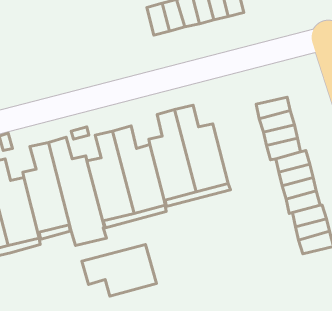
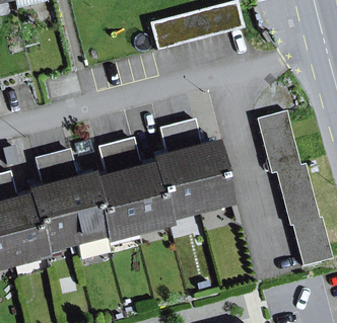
building: [82,245,156,296] -> none

